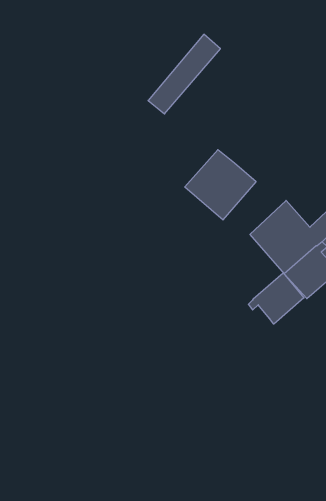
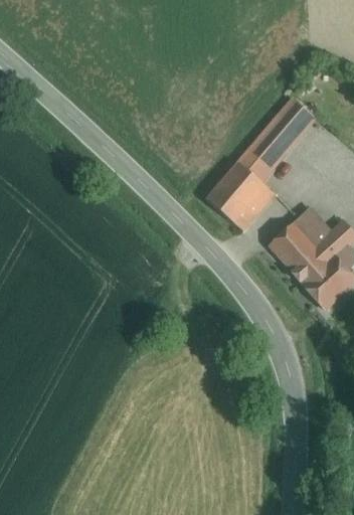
building: [148,34,220,114] -> [238,98,309,175]
building: [248,273,304,324] -> none

